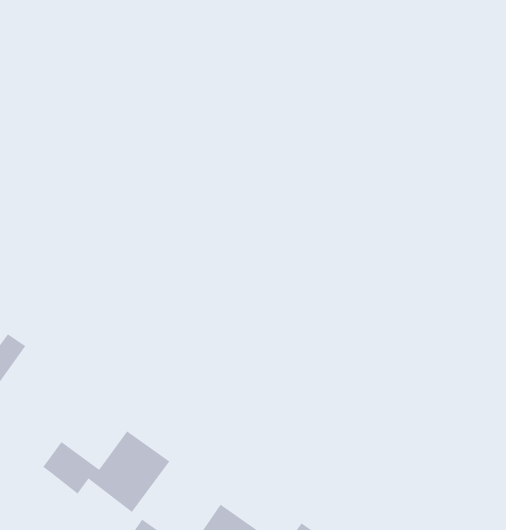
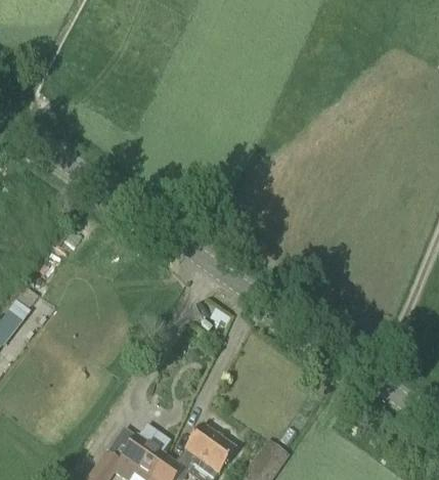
building: [42,430,170,513] -> none

